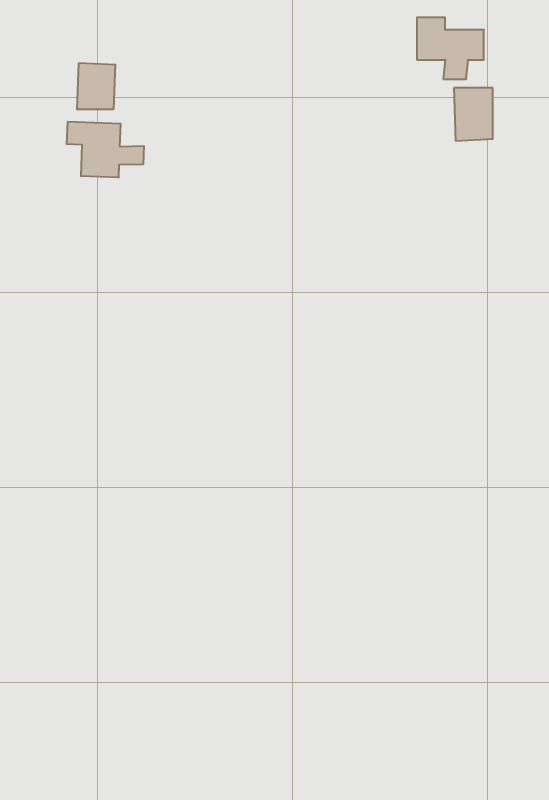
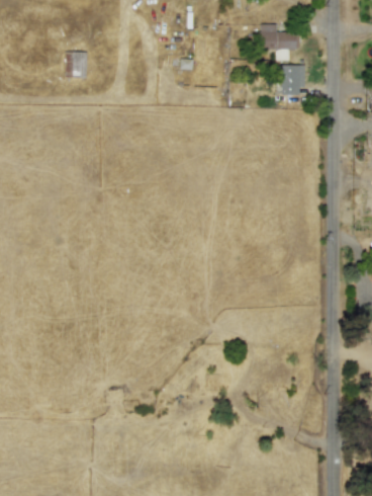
building: [67,122,144,178] -> none

